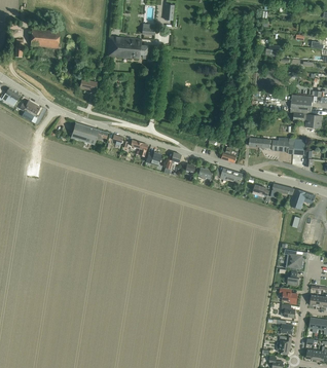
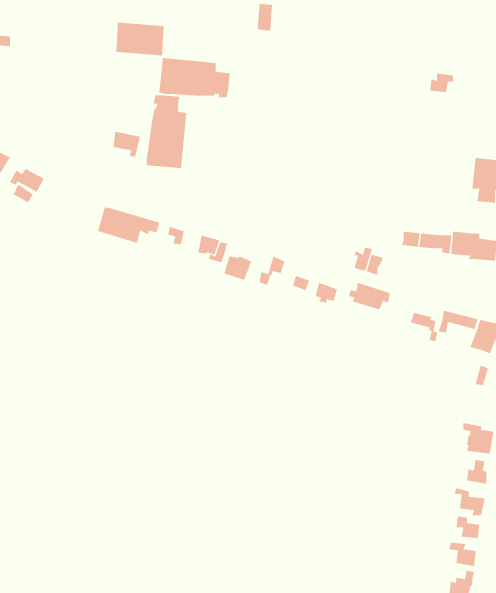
building: [31,29,60,48] -> [115,22,165,56]
building: none -> [146,95,187,169]

